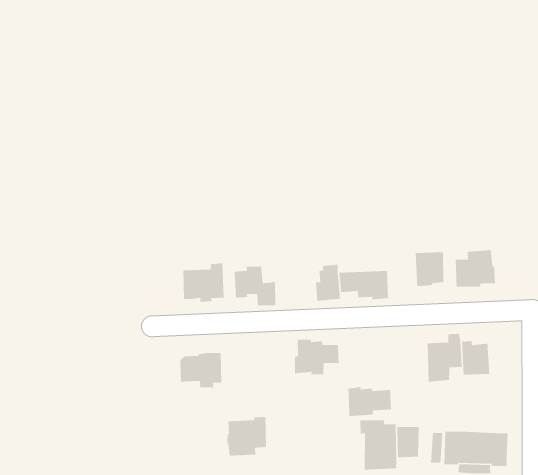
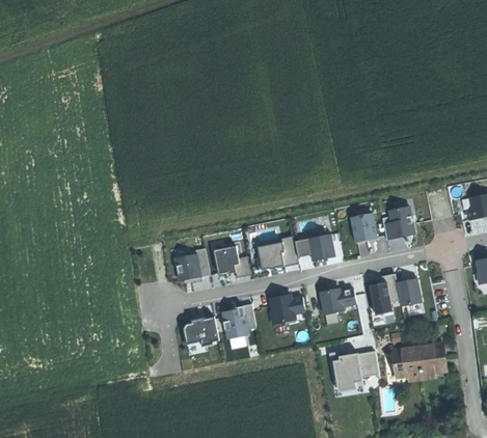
building: none -> [255,243,280,270]
building: [348,386,392,417] -> [320,289,356,314]
building: [227,416,267,457] -> [222,304,255,339]

